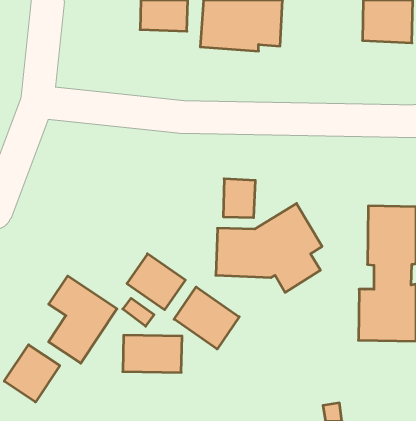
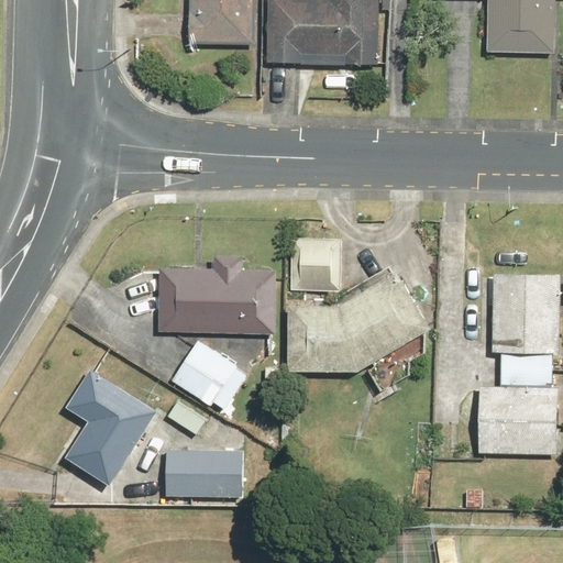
building: none -> [156,254,278,335]
building: [174,287,239,349] -> none
building: [4,345,60,402] -> none

